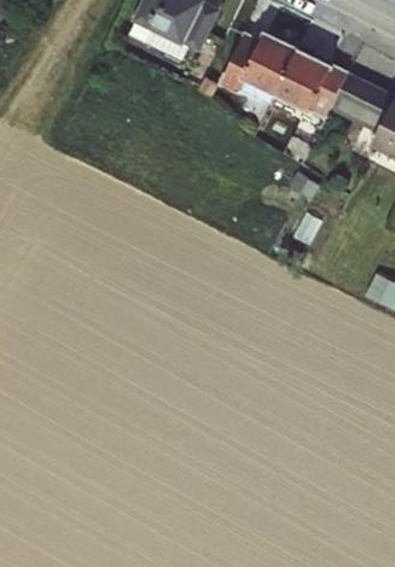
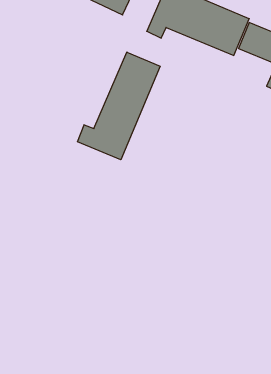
building: none -> [77,52,160,160]

